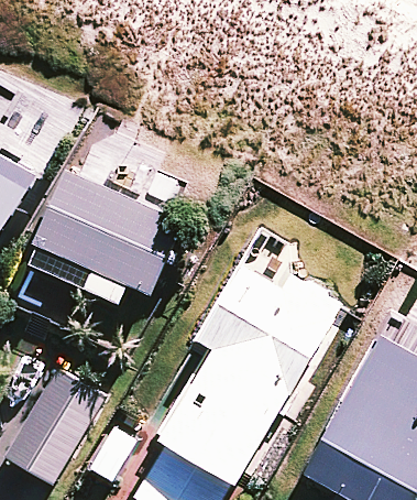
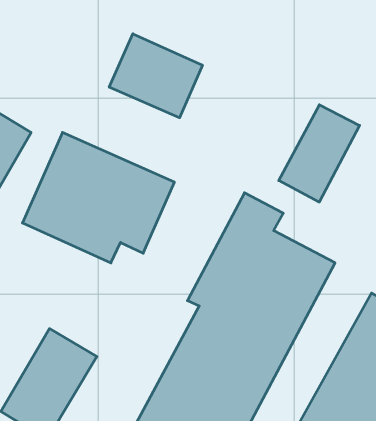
building: none -> [109,34,202,118]
building: none -> [279,105,360,202]

